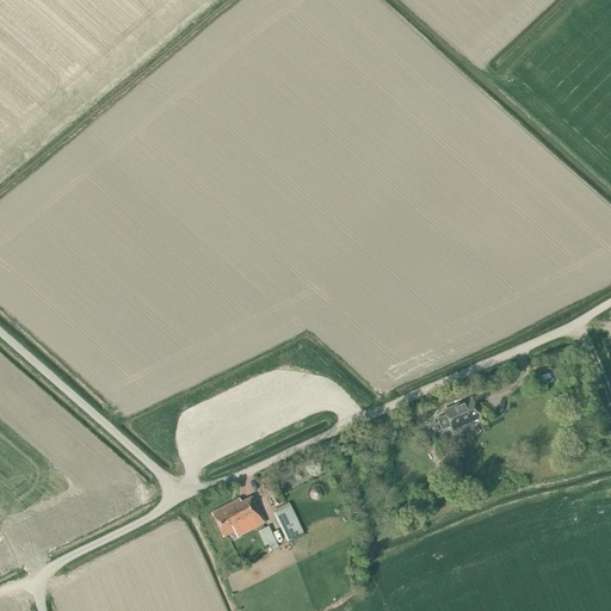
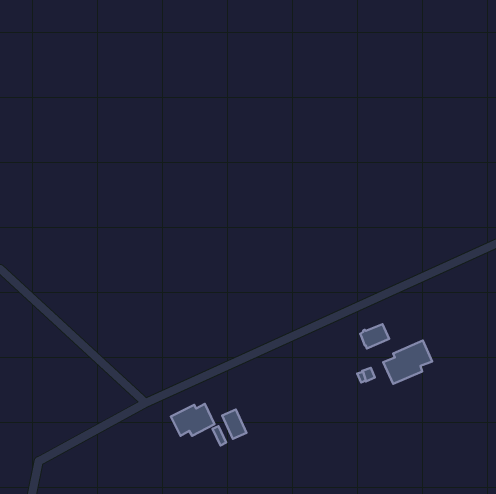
building: none -> [383,340,432,384]

